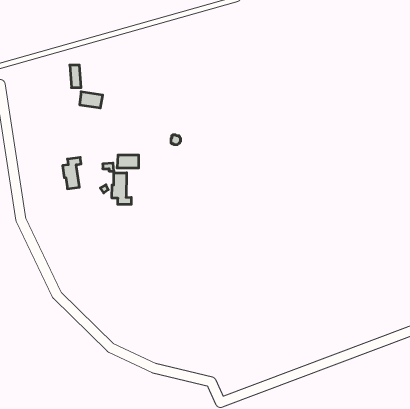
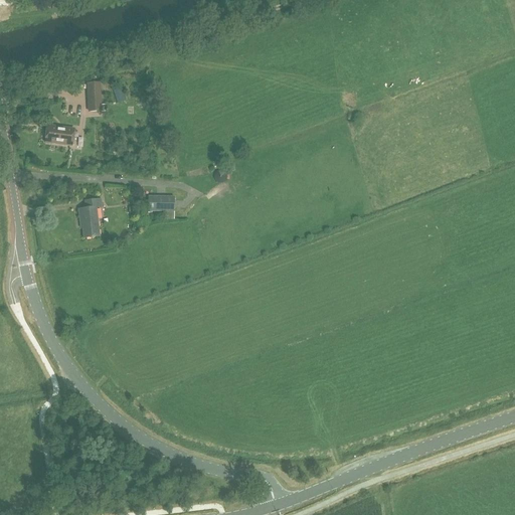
building: [80,92,103,108] -> [45,124,74,144]
building: [112,173,131,204] -> none

